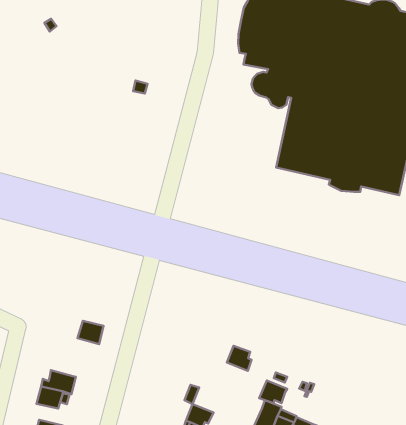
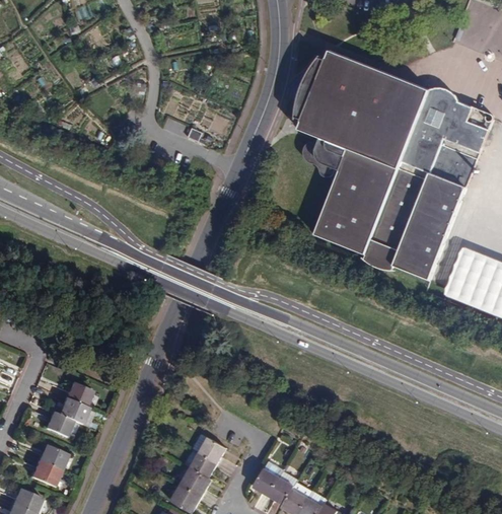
building: [77,321,104,344] -> [64,382,91,408]
building: [227,346,251,371] -> [197,438,221,464]
building: [259,381,287,403] -> none

